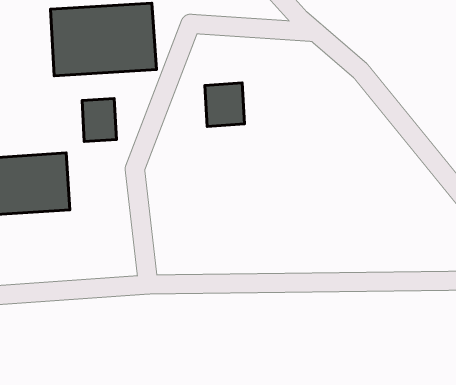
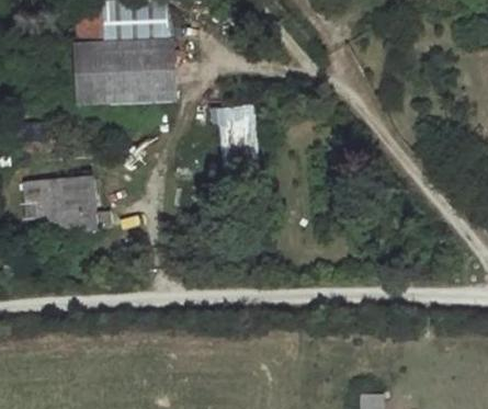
building: [82,99,116,141] -> none

